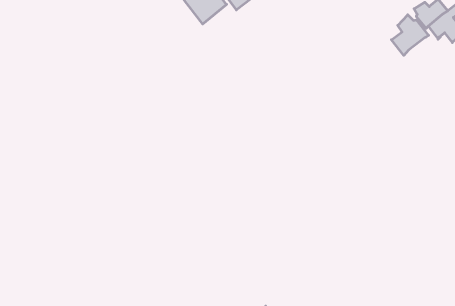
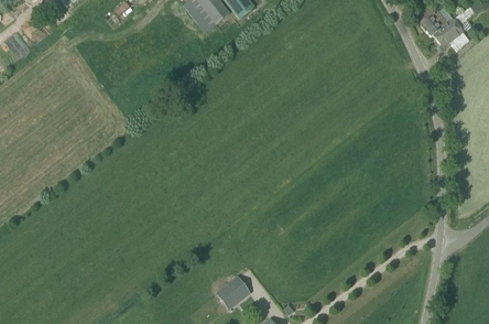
building: [391,15,429,55] -> none
building: none -> [216,274,250,307]

